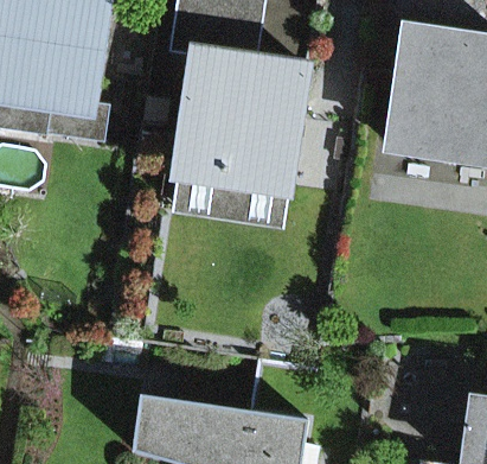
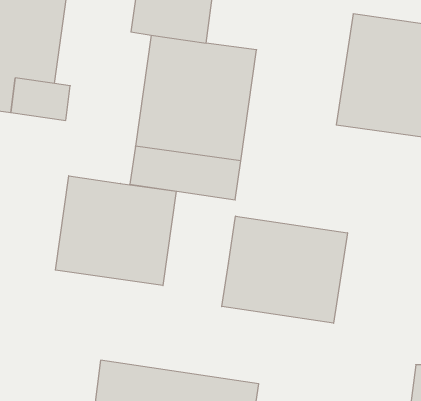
building: none -> [55,176,176,286]
building: none -> [222,216,347,323]

